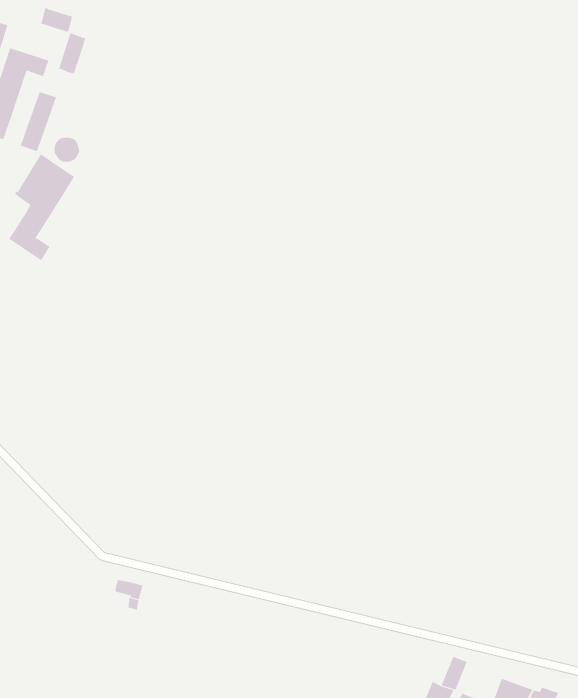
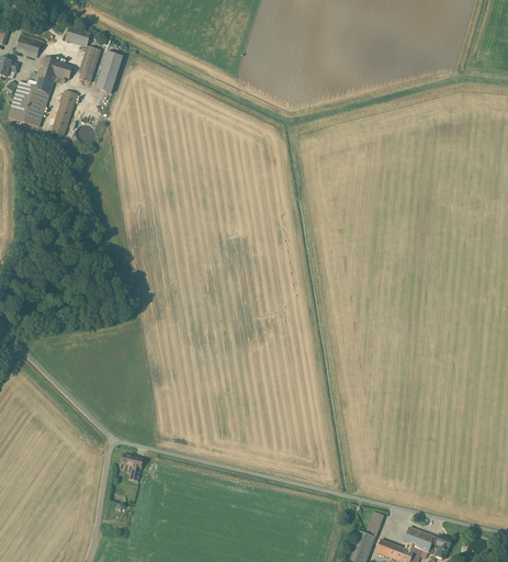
building: none -> [95,53,122,93]
building: [8,153,75,261] -> none

